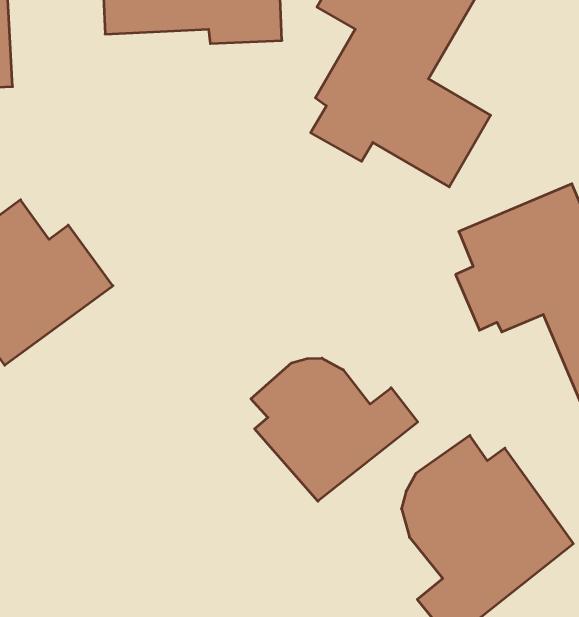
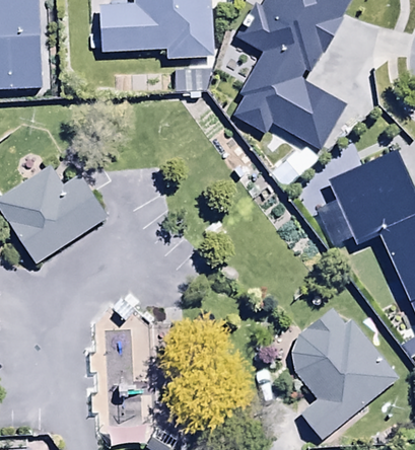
building: [251,358,418,501] -> none

